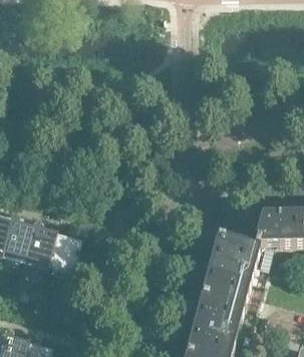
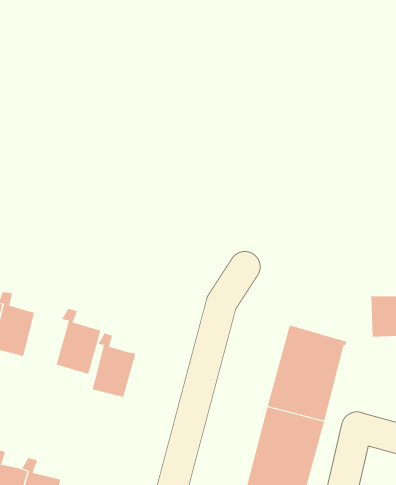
building: [253,216,278,248] -> none
building: [25,219,57,266] -> [92,333,136,398]

